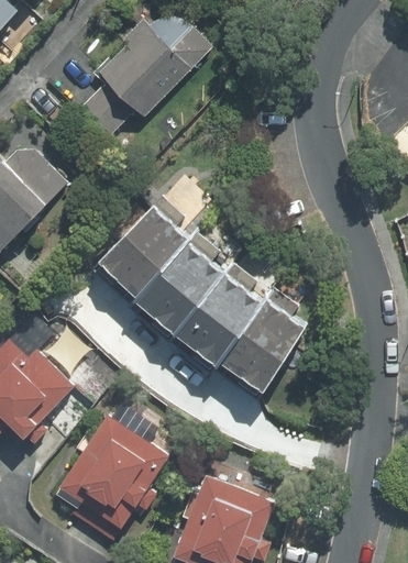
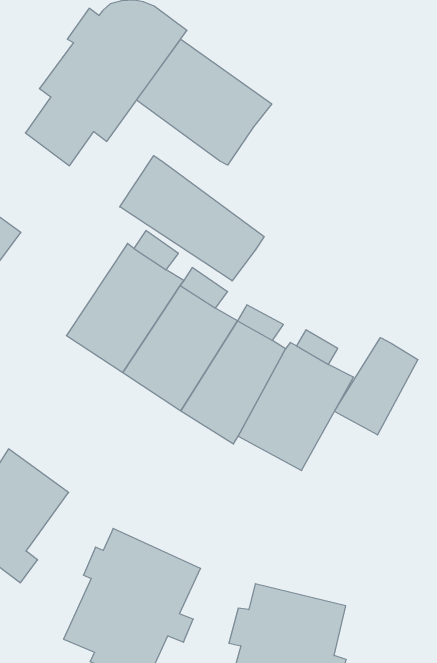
building: none -> [137,39,272,165]
building: none -> [120,156,264,281]
building: none -> [334,338,418,435]

